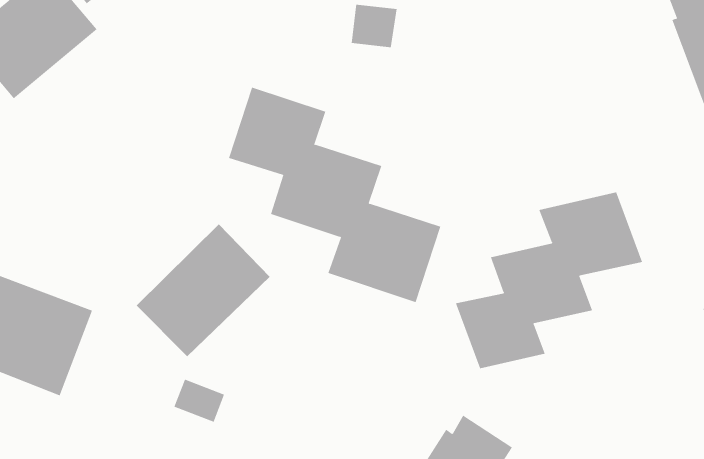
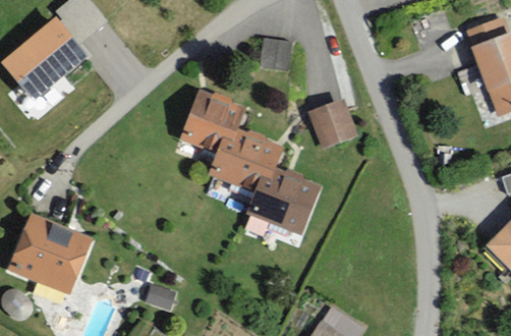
building: none -> [308,100,355,147]
building: [455,192,643,369] -> none
building: [136,224,271,357] -> none

